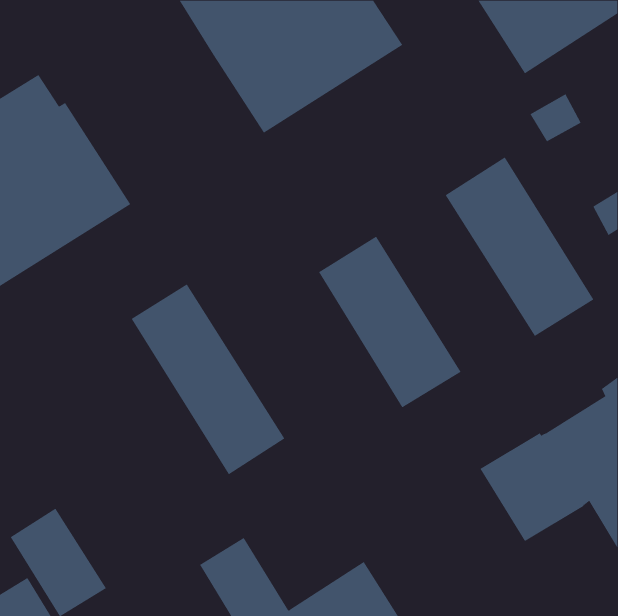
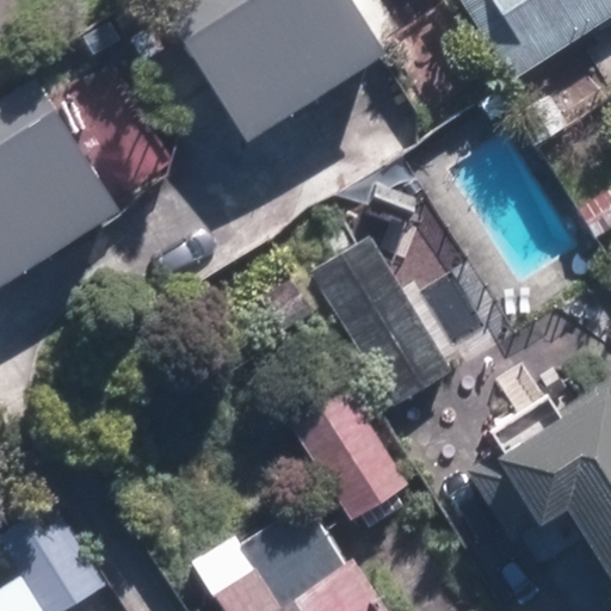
building: [445,157,594,337] -> none
building: [131,283,285,475] -> none
building: none -> [294,383,411,516]

